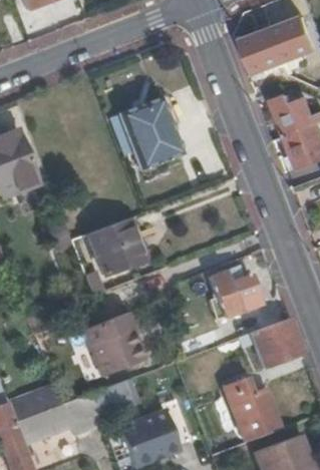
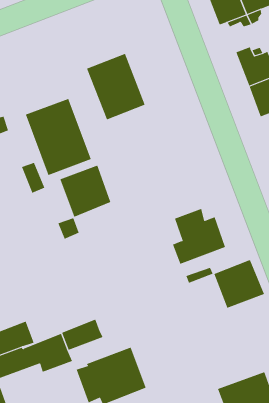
building: none -> [25,98,92,176]
building: [83,316,146,377] -> none
building: [223,378,279,439] -> none

